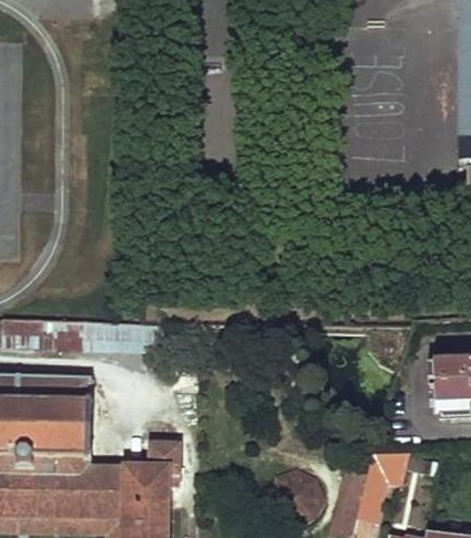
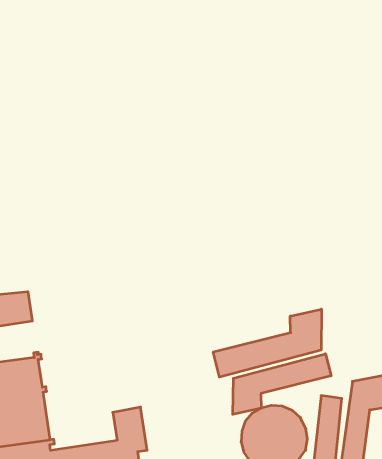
building: none -> [213,309,321,377]
building: none -> [233,354,331,414]

